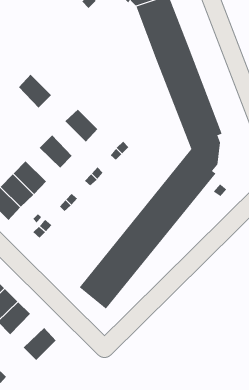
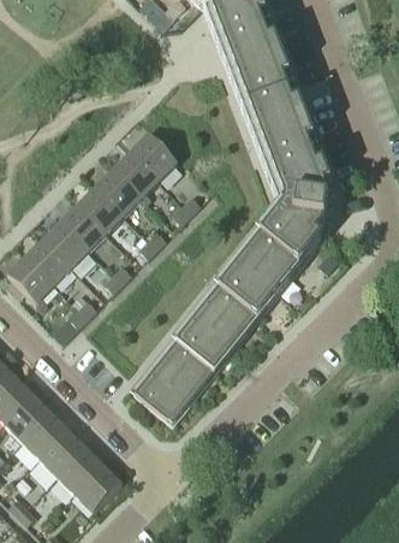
building: [18,74,52,109] -> [96,167,142,214]
building: none -> [131,132,177,178]
building: none -> [60,203,107,249]
building: none -> [40,429,85,474]
building: none -> [75,465,120,510]

